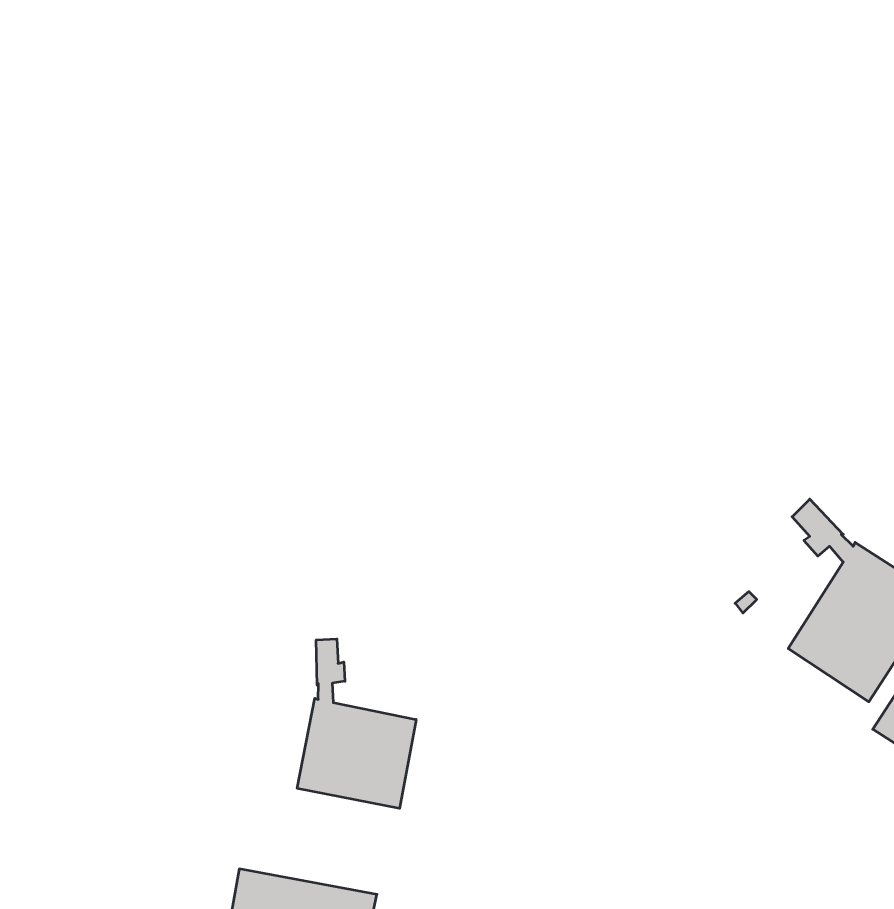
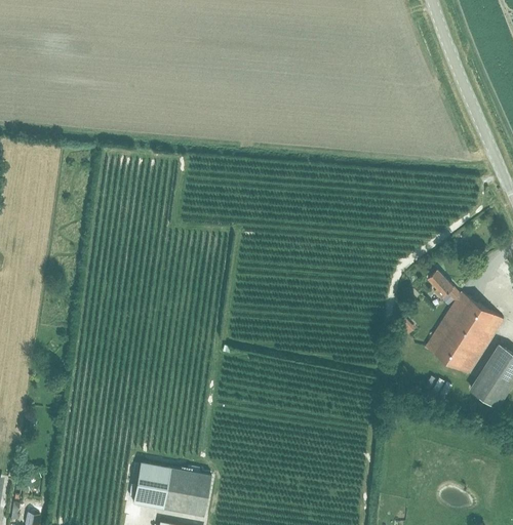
building: [297,639,416,808] -> none

